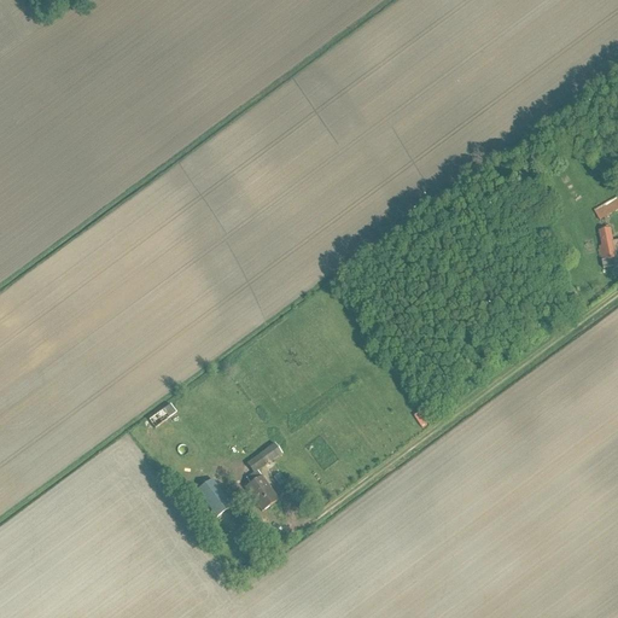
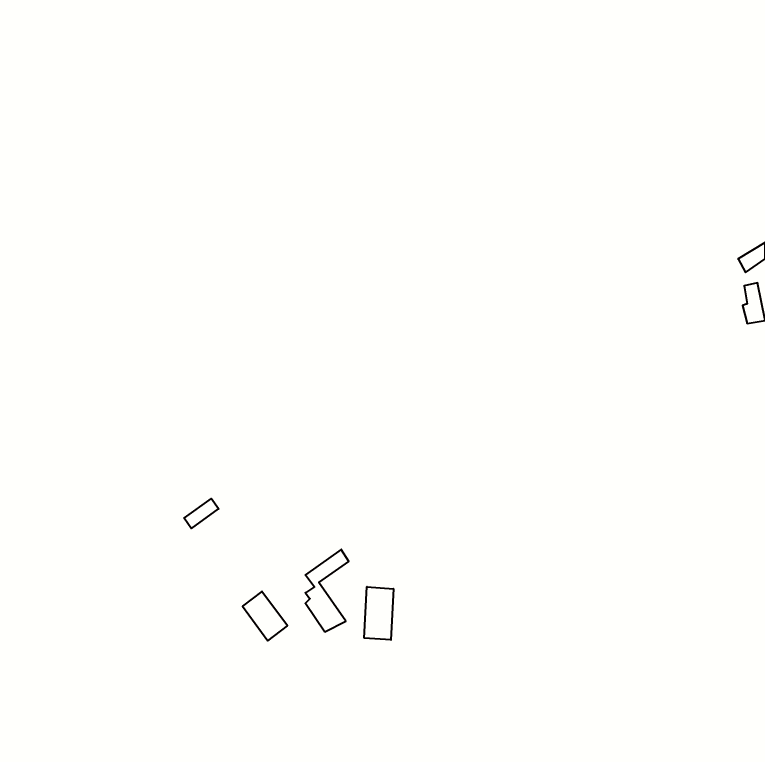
building: none -> [364,587,393,640]

